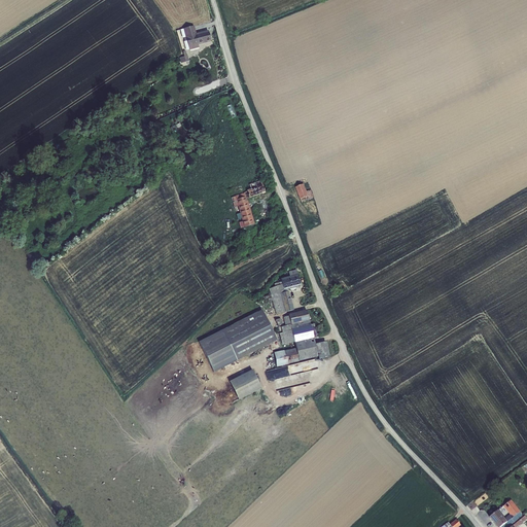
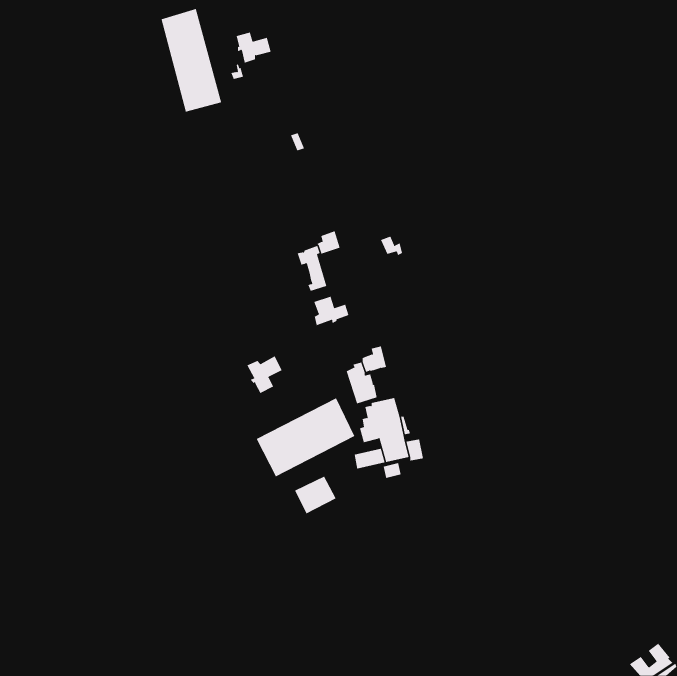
building: none -> [161,8,222,112]
building: none -> [314,296,349,326]
building: none -> [246,356,283,394]

